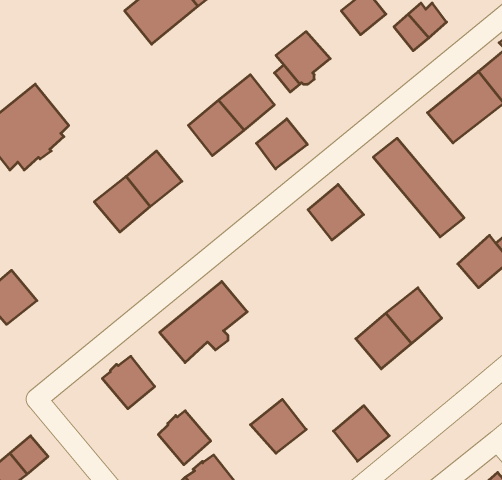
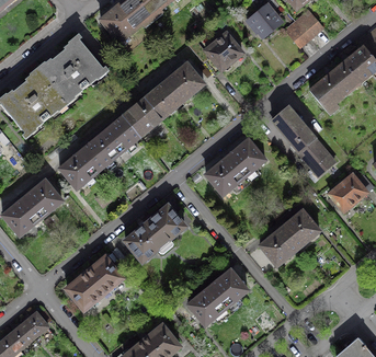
building: none -> [39,37,100,97]
building: [256,119,307,169] -> none
building: none -> [123,97,161,136]
building: none -> [59,150,98,188]
building: none -> [206,156,243,194]
building: none -> [23,180,62,218]
building: [333,406,389,461] -> [209,268,248,307]
building: [158,411,211,465] -> [67,272,103,309]

